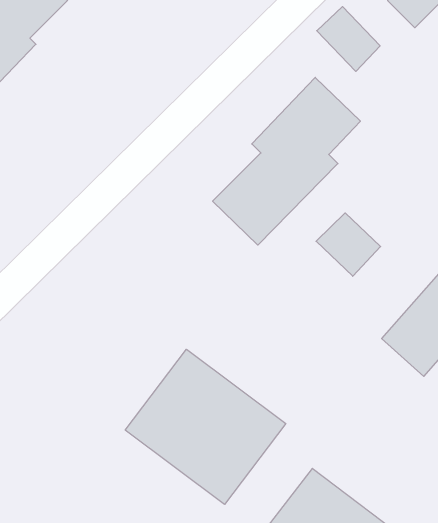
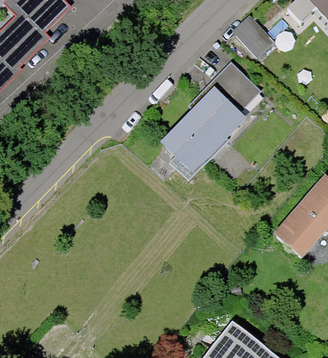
building: [316,213,381,276] -> none
building: [125,349,286,504] -> none

